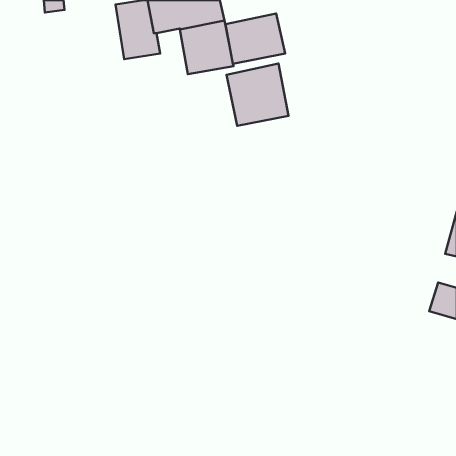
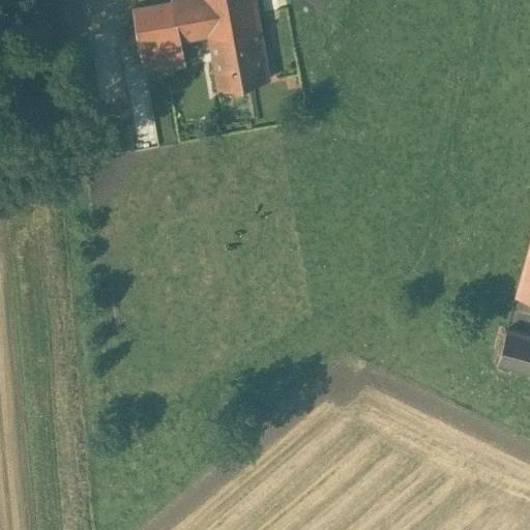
building: [225,14,285,64] -> none
building: [226,64,289,126] -> none

